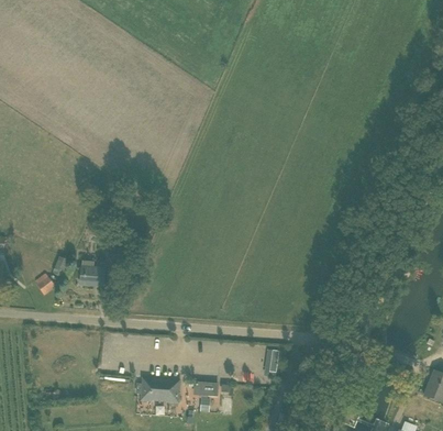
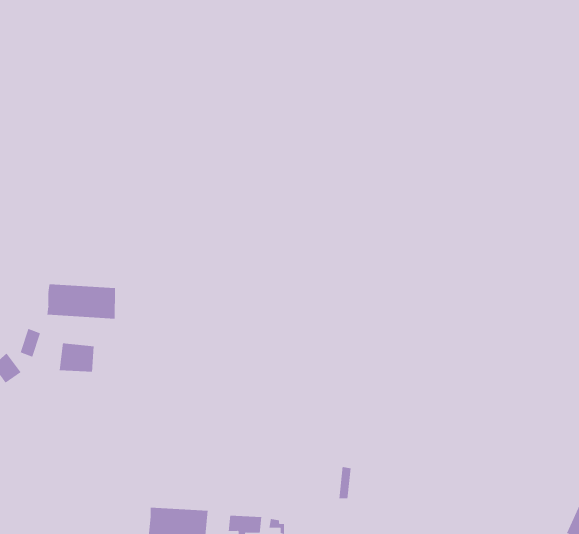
building: none -> [47,283,116,319]

